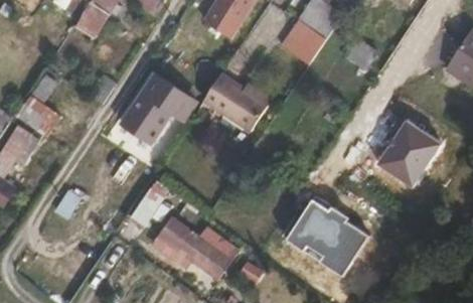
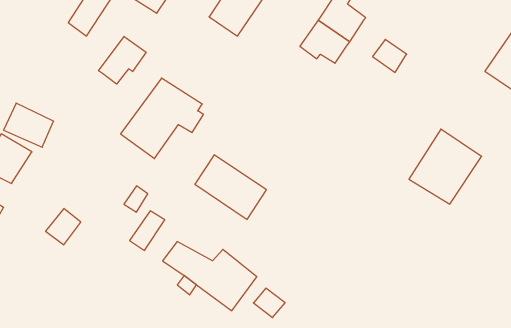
building: none -> [99,36,146,84]
building: [201,73,265,131] -> [195,155,266,219]
building: [285,200,367,276] -> none

